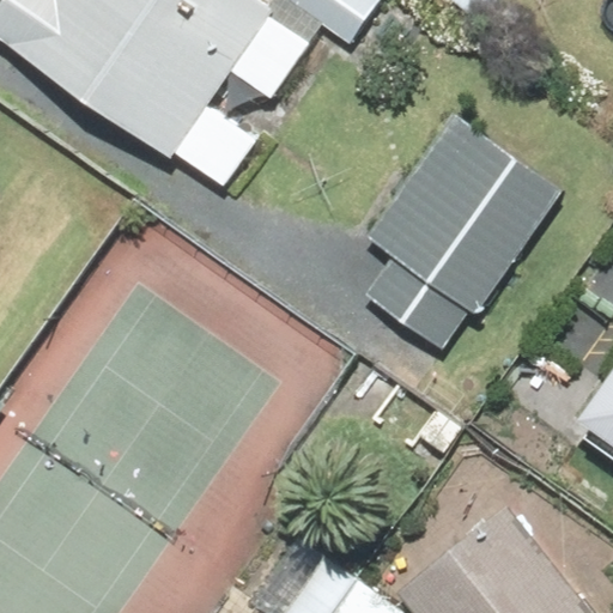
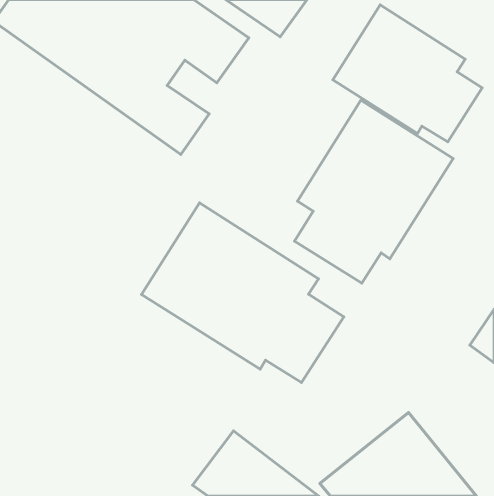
building: none -> [333,5,482,142]
building: none -> [142,203,344,383]

